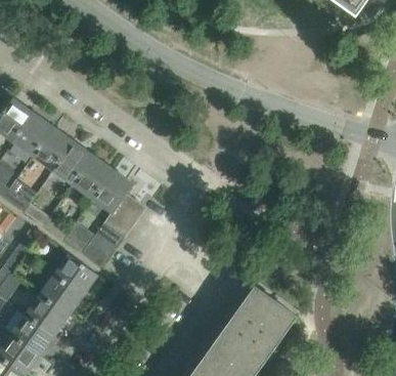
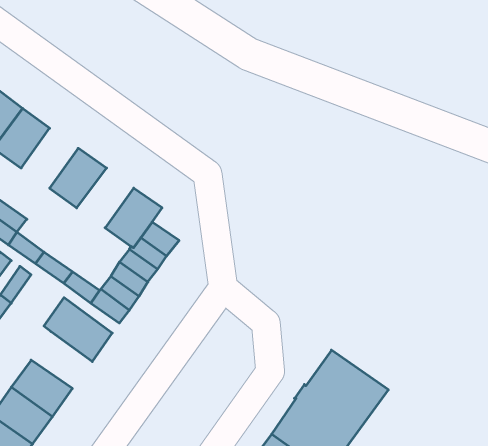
building: [32,127,73,170] -> none
building: [72,156,113,199] -> none
building: [39,274,83,315] -> none

